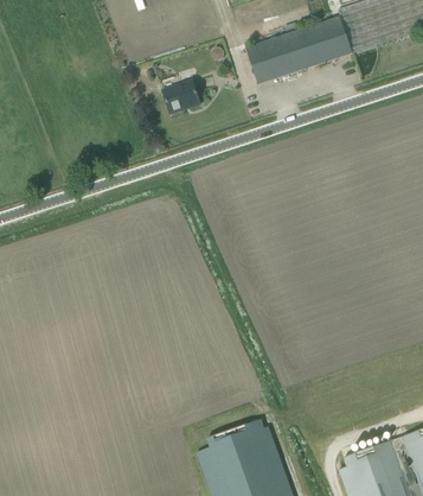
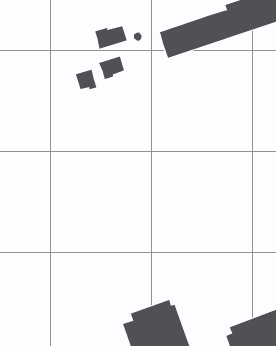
building: none -> [94,26,127,49]
building: none -> [75,69,97,90]

